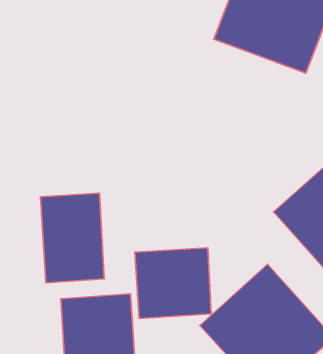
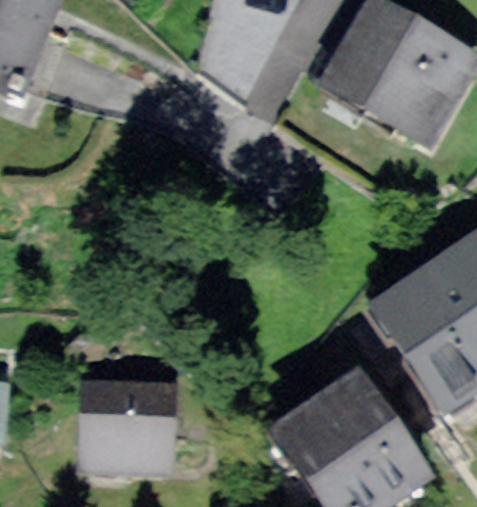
building: [40,193,104,283] -> none
building: [135,248,211,319] -> none

